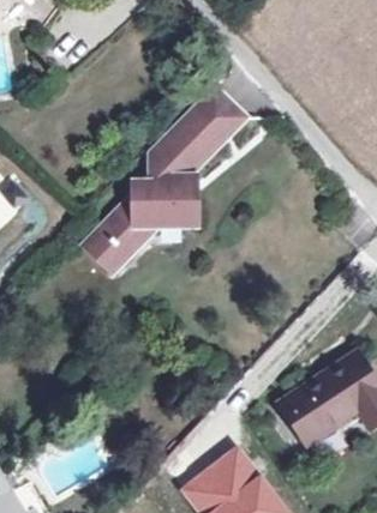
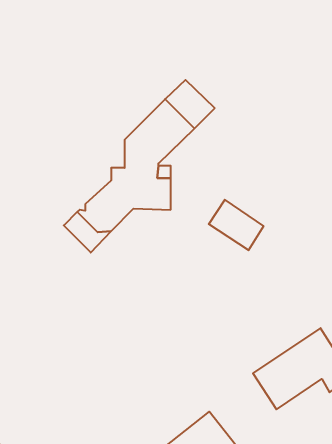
building: none -> [209,200,263,250]

